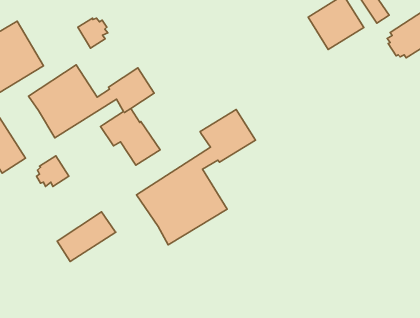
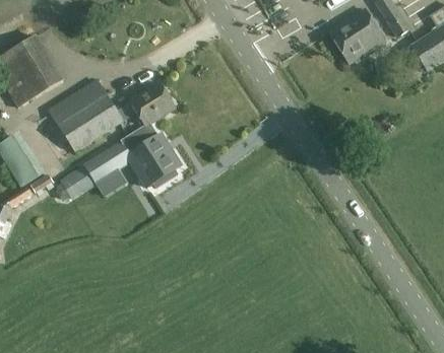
building: [78,18,108,48] -> none
building: [137,109,256,245] -> none
building: [57,212,116,261] -> [76,140,135,190]

